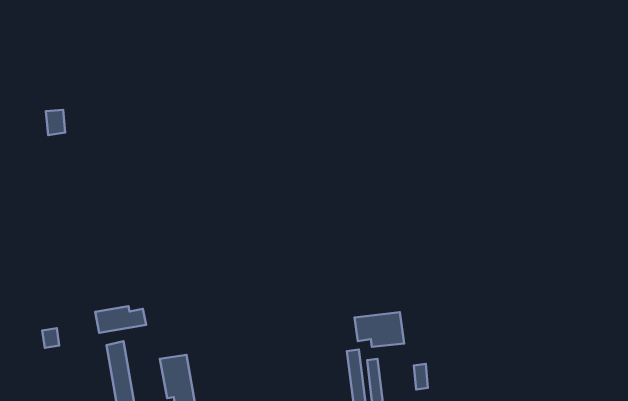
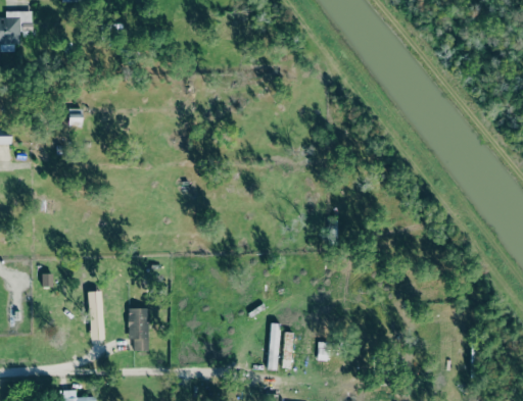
building: [95,306,146,333] -> none
building: [355,312,404,347] -> none

